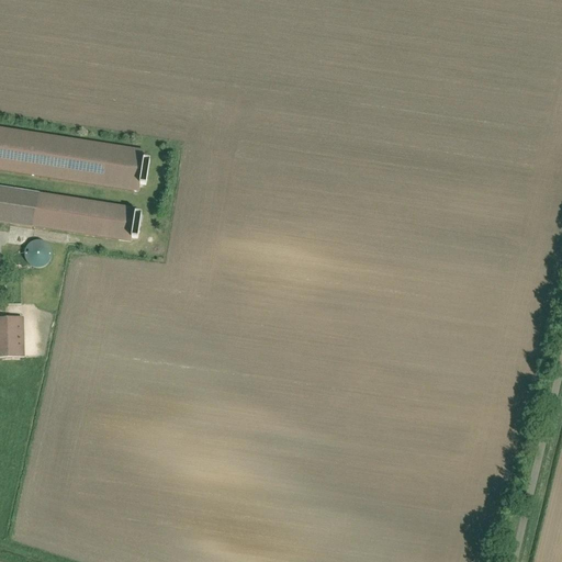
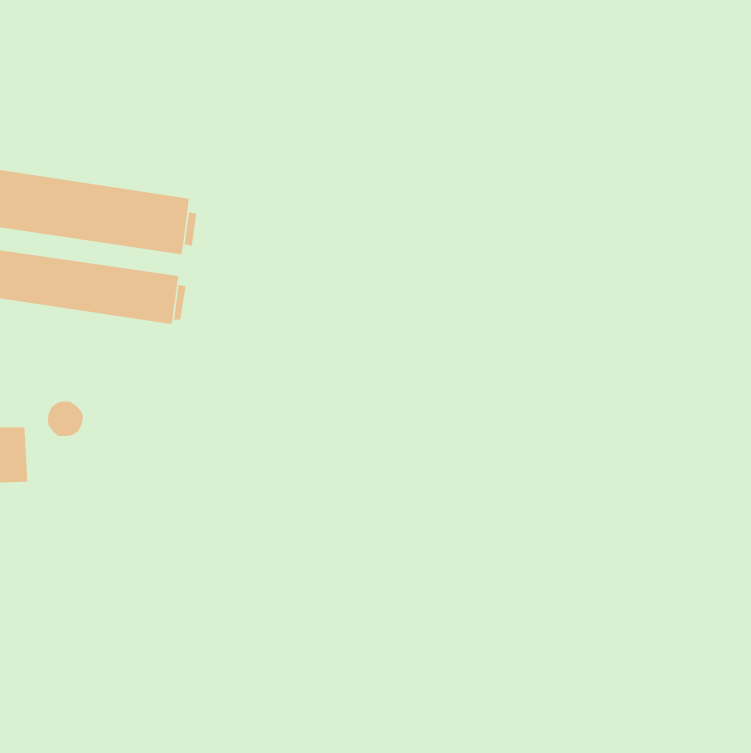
building: [20,239,47,266] -> [47,401,84,437]

